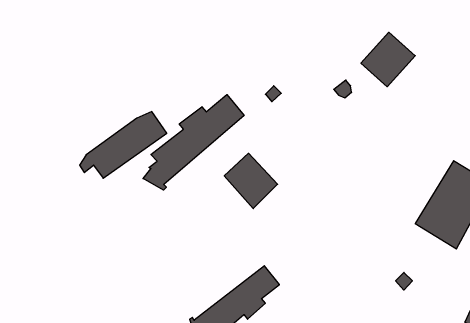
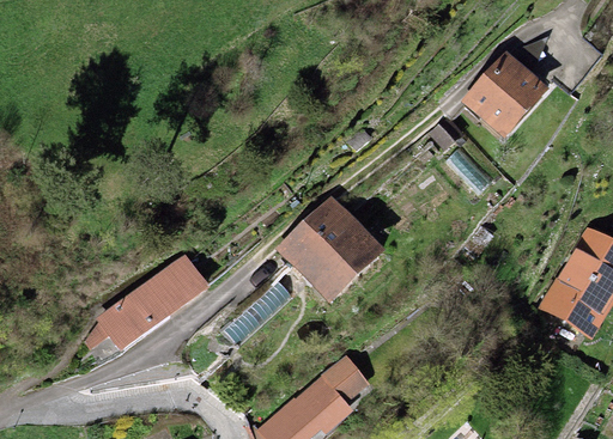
building: [143,95,244,190] -> none
building: [80,112,167,178] -> [93,262,205,347]

